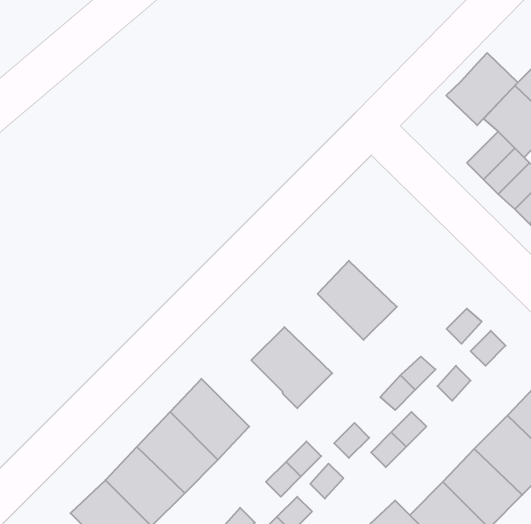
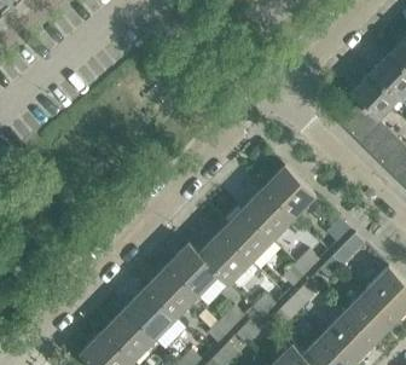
building: [446,53,518,125] -> none
building: none -> [262,166,315,219]
building: none -> [220,210,272,262]
building: none -> [166,244,219,297]

